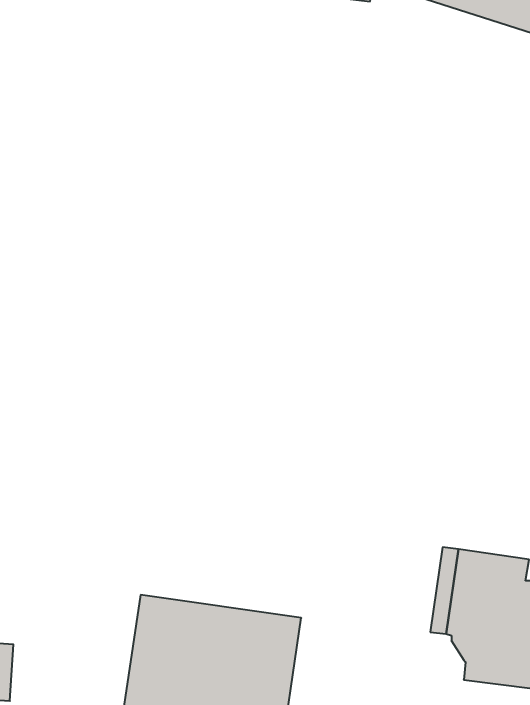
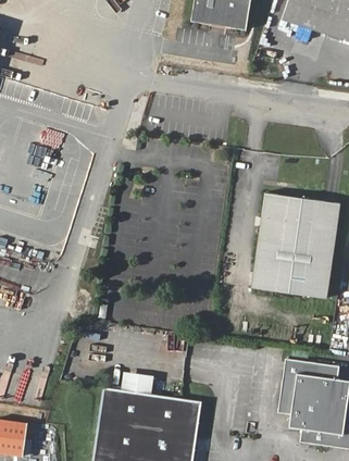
building: none -> [251,195,339,299]

